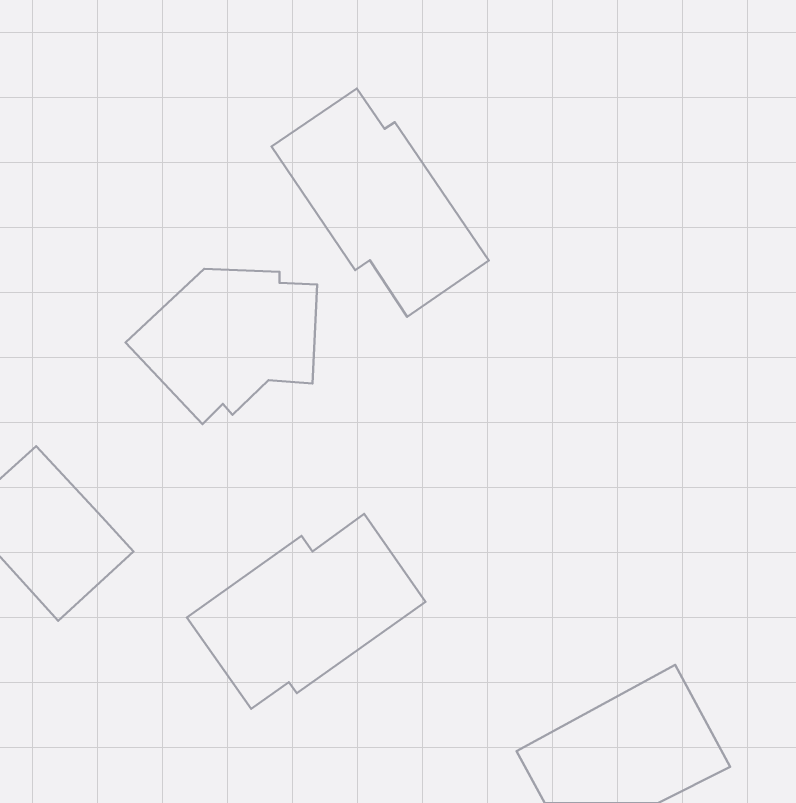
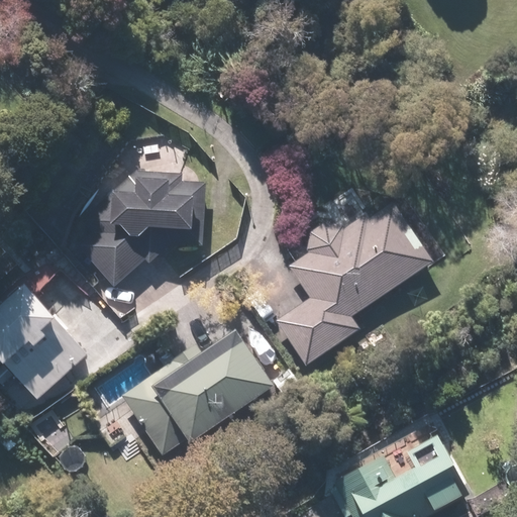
building: [272,88,489,317] -> none
building: none -> [275,203,430,366]

